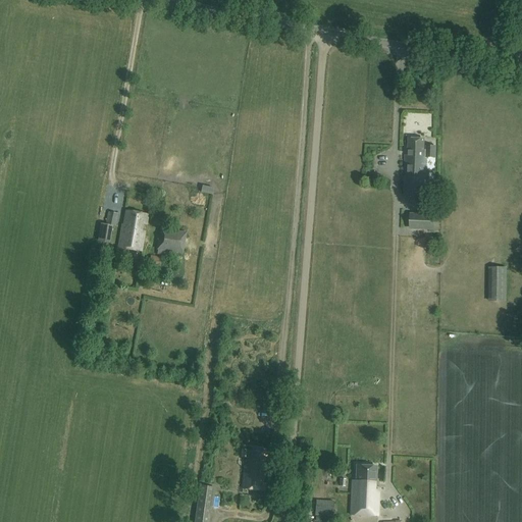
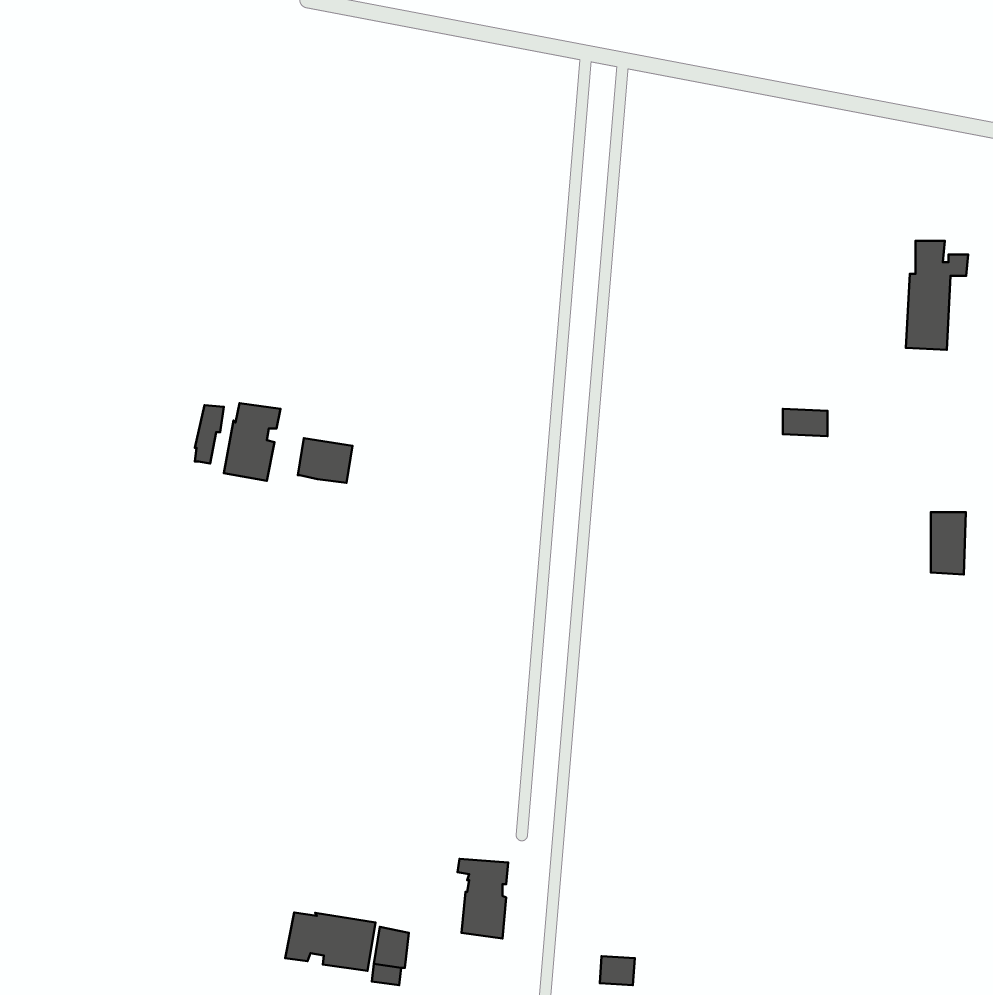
building: [403,139,435,196] -> [906,241,968,350]
building: [350,465,378,516] -> none
building: none -> [285,912,375,971]

